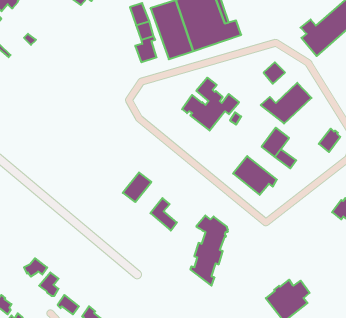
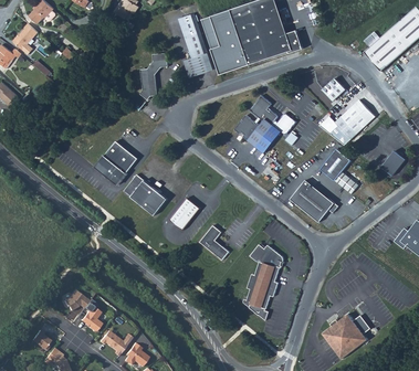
building: none -> [139,53,168,100]
building: none -> [94,141,138,186]
building: none -> [124,174,168,215]

